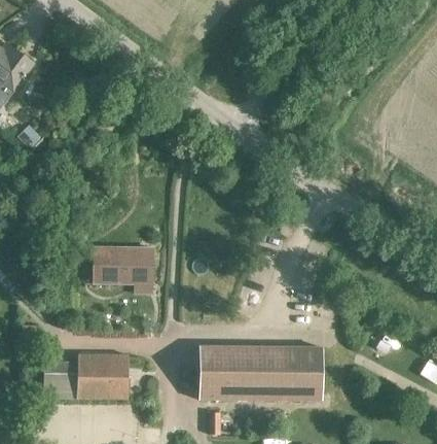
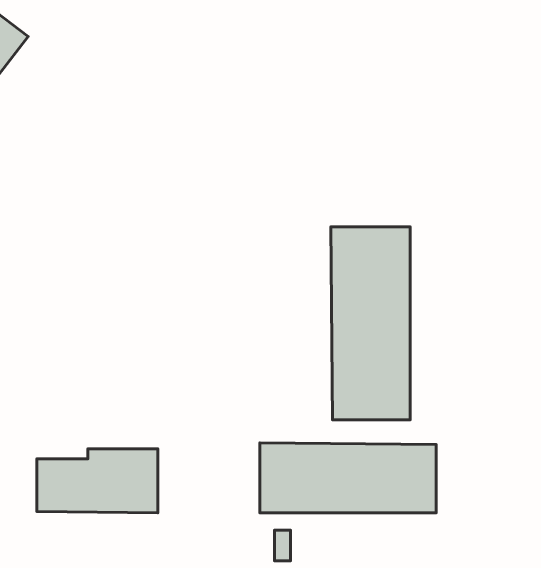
building: none -> [331,227,410,420]
building: [94,248,151,283] -> none

